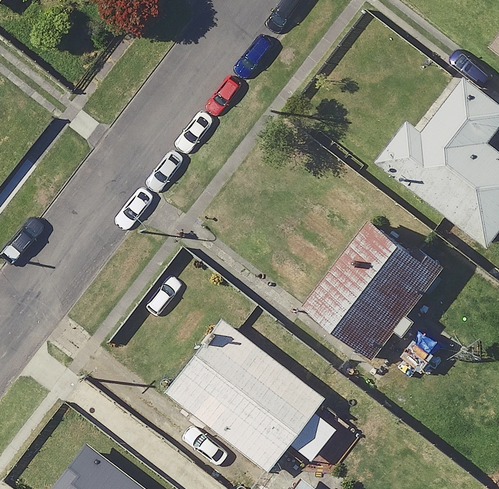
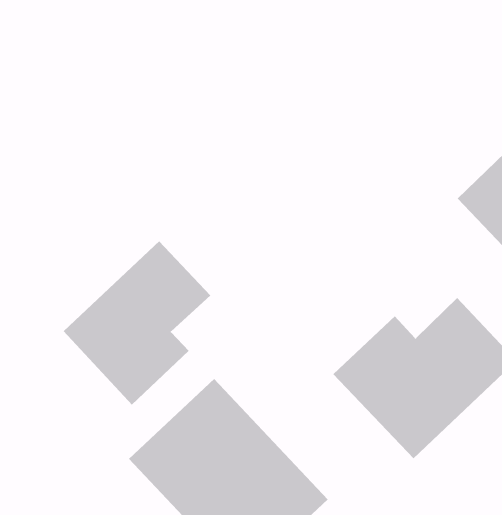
building: none -> [63,240,211,405]

